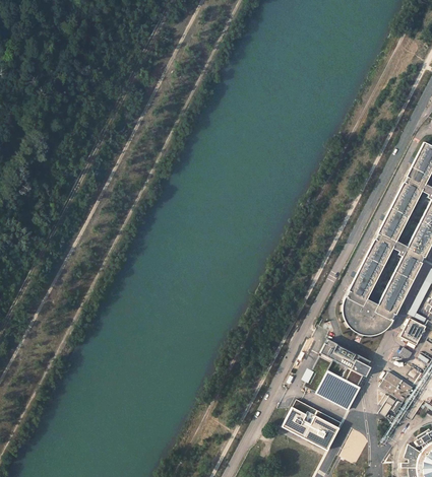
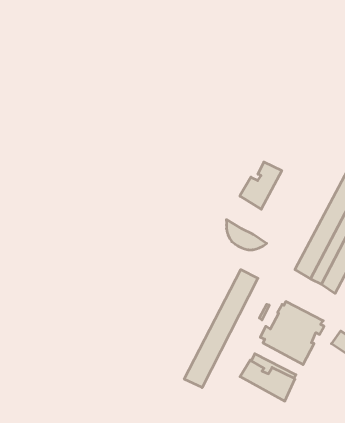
building: none -> [240,162,282,209]
building: none -> [184,270,258,388]
building: [341,304,385,338] -> [226,220,267,250]

